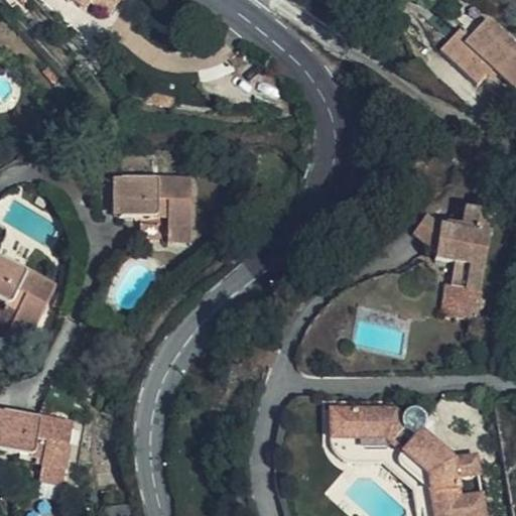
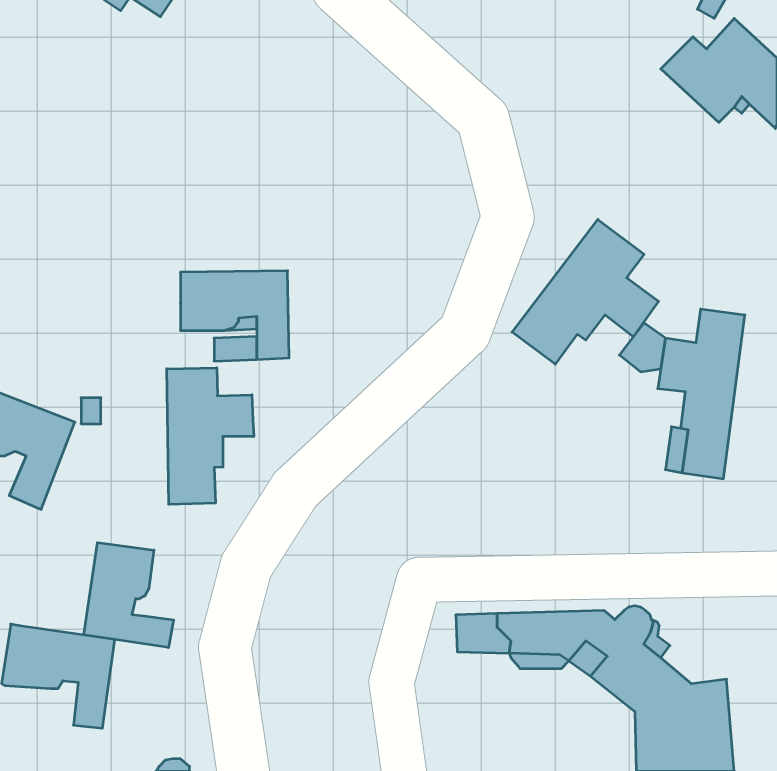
building: none -> [512,219,659,364]
building: none -> [167,368,254,504]
building: none -> [84,543,174,648]

